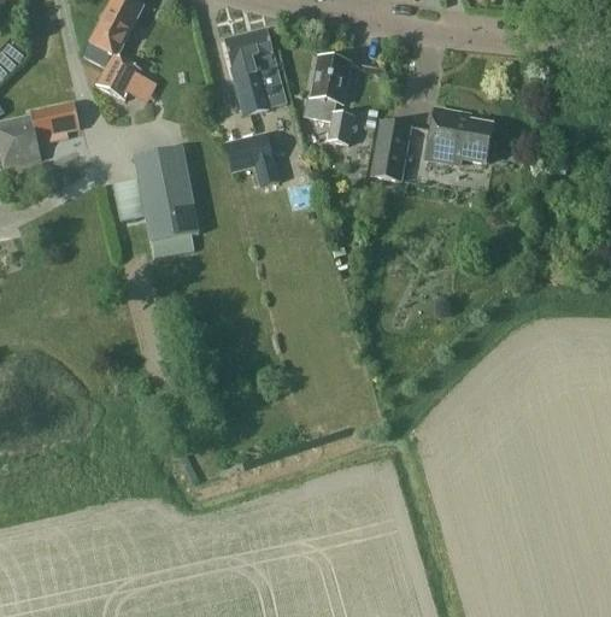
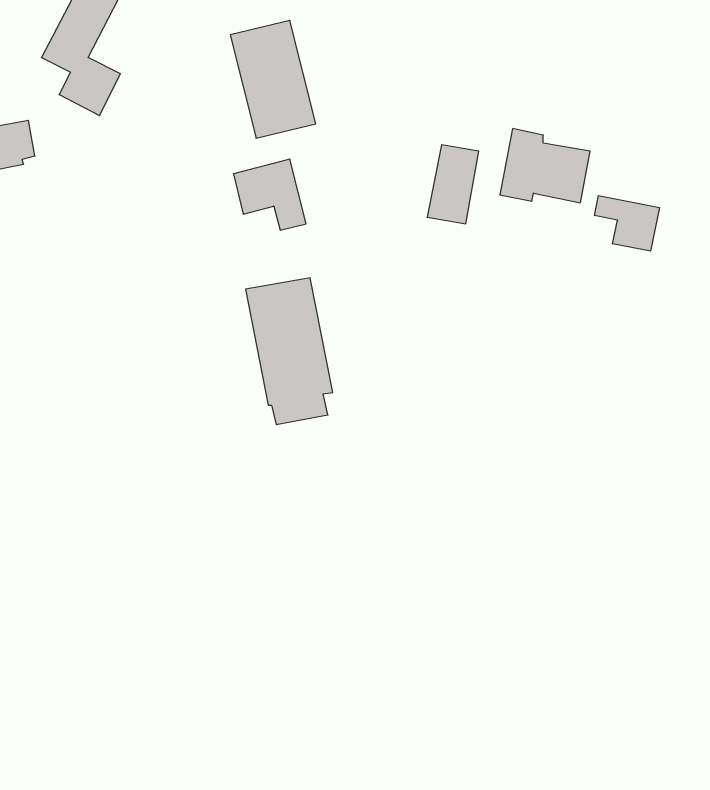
building: [307,57,356,145] -> none
building: [134,146,199,255] -> [246,278,333,425]
building: none -> [595,196,659,251]

